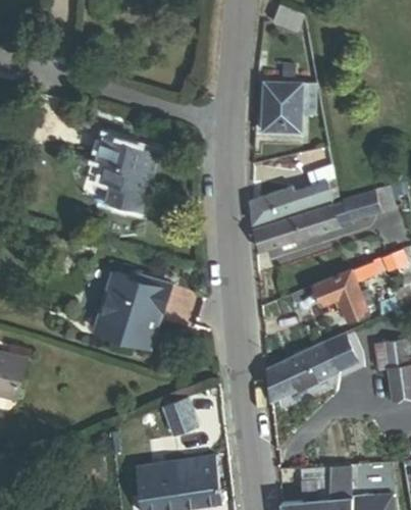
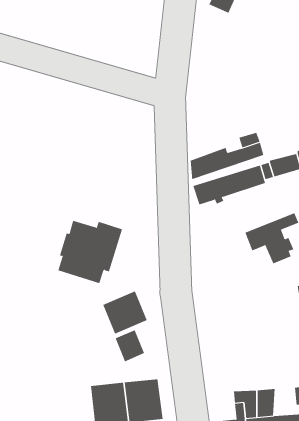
building: [260,83,315,135] -> none
building: [95,136,158,213] -> none
building: [267,336,355,404] -> none
building: none -> [103,291,147,335]

